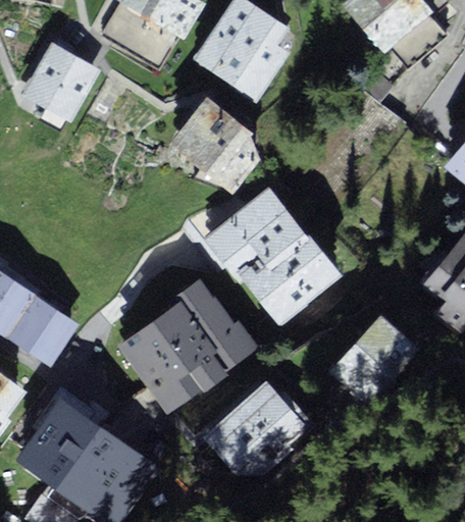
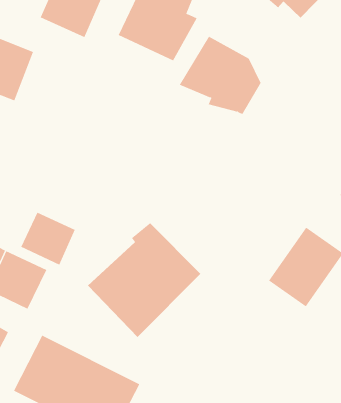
building: [165,99,261,196] -> [179,36,262,115]
building: [209,189,343,326] -> none
building: none -> [21,212,76,266]
building: [197,380,303,477] -> none

